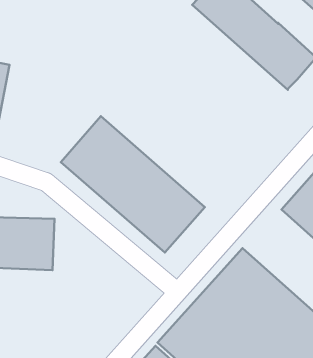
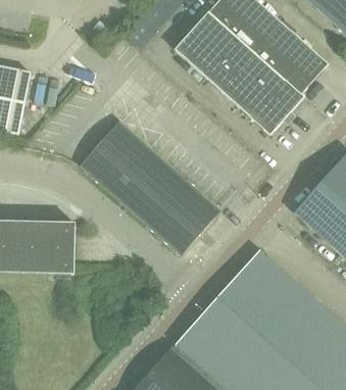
building: none -> [175,13,304,136]

